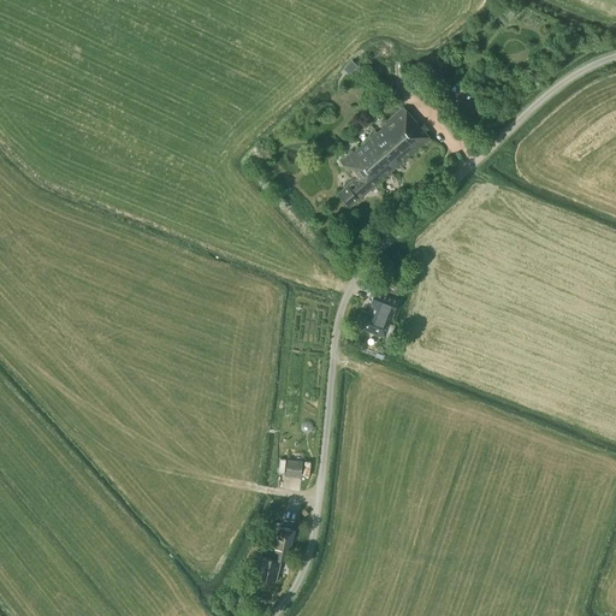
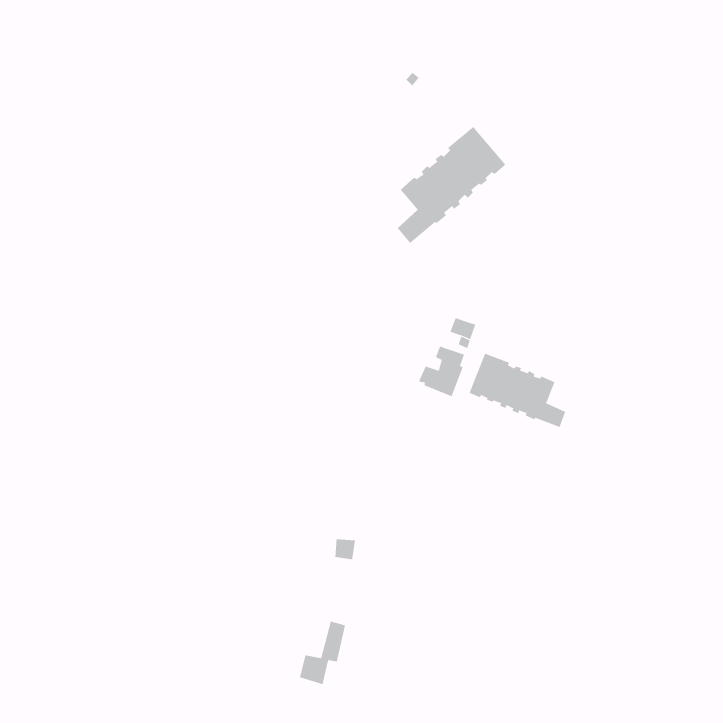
building: none -> [469,353,566,428]

